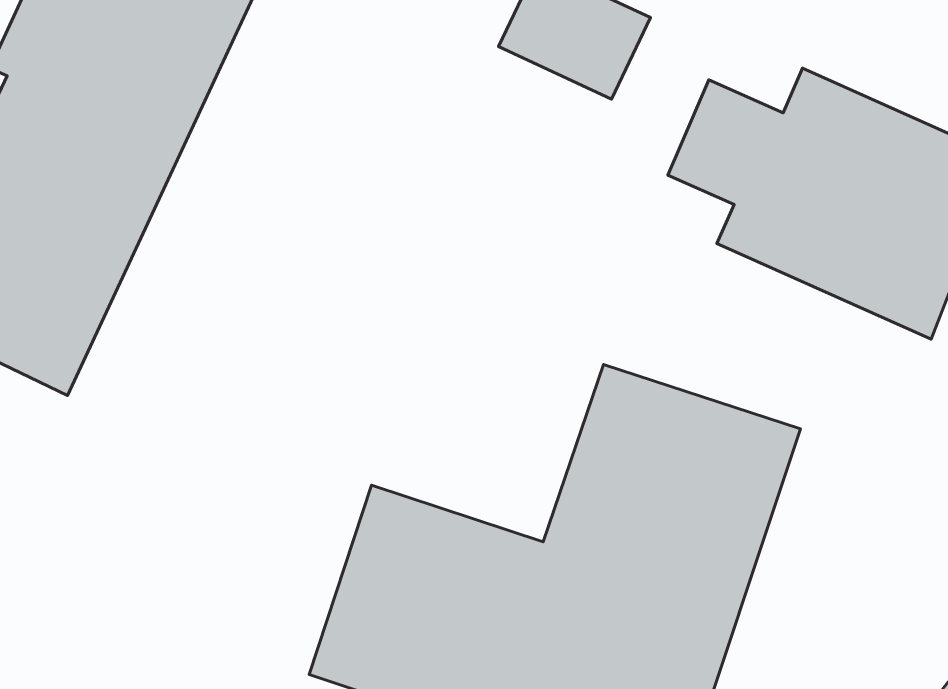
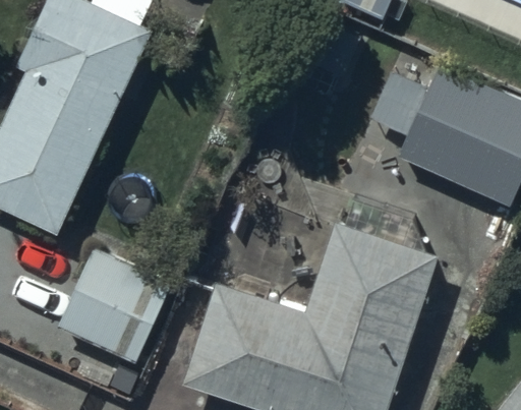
building: none -> [58,250,171,367]

